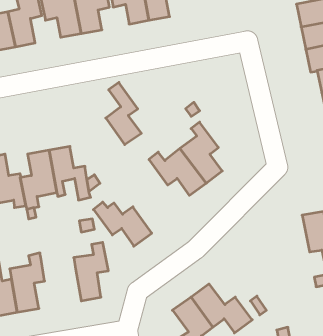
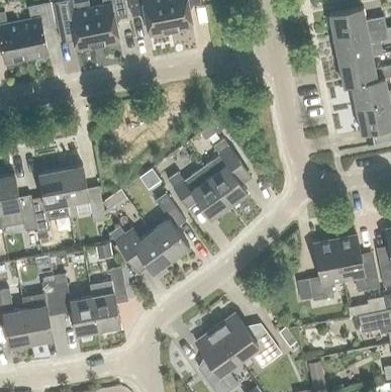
building: [106,82,141,145] -> [153,193,191,260]
building: none -> [309,240,343,301]
building: none -> [53,274,97,336]

